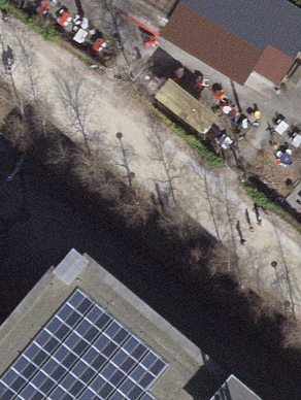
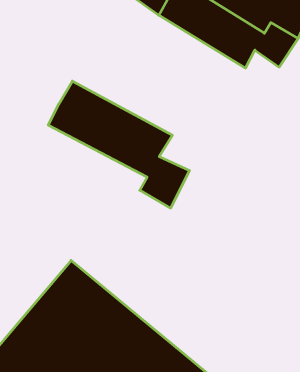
building: none -> [48,81,189,208]

